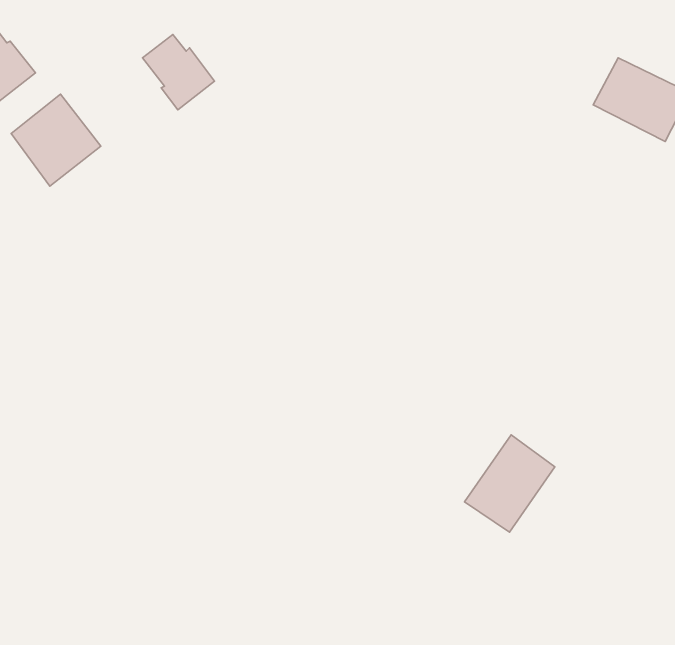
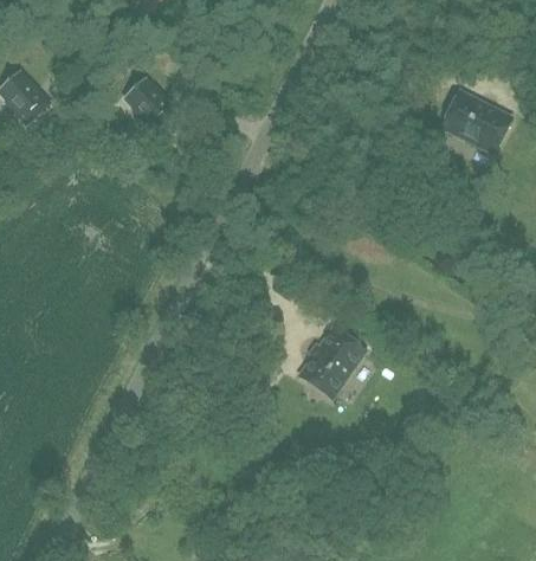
building: [11,94,101,186] -> none
building: [464,435,555,532] -> [301,328,364,396]

